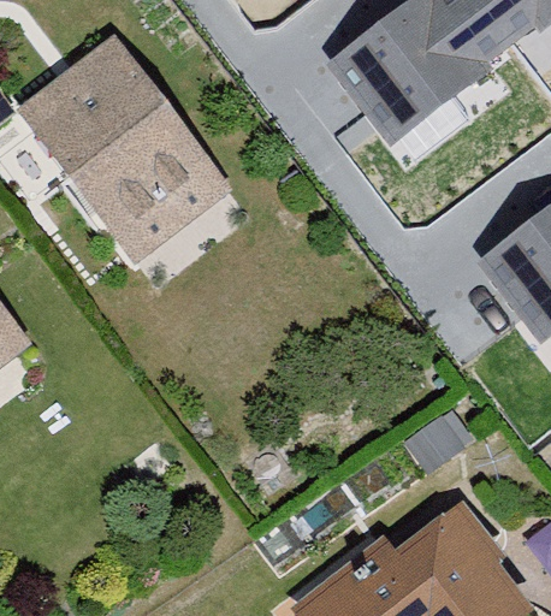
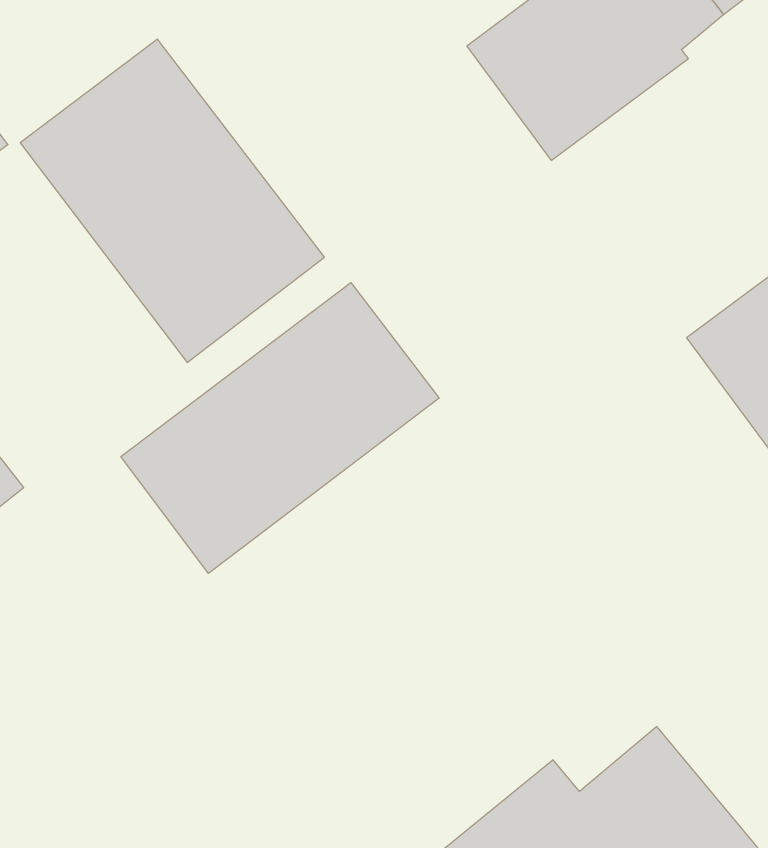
building: none -> [121,283,439,573]

